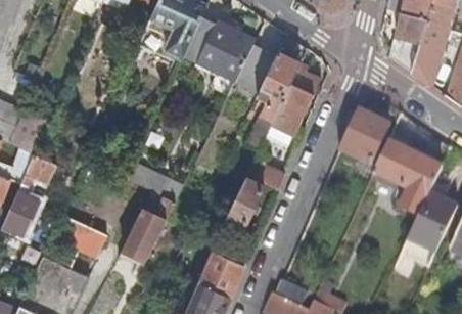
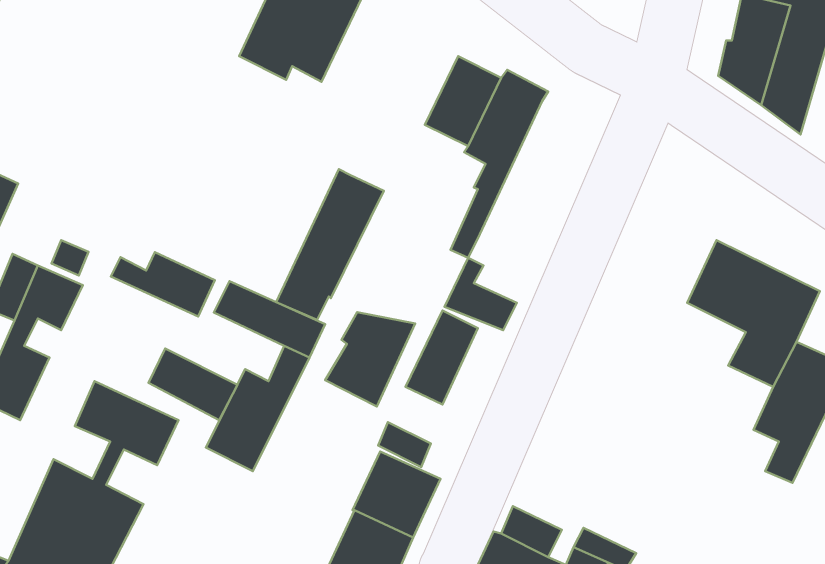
building: [196,20,256,81] -> none
building: [265,69,321,147] -> [276,169,384,320]
building: [339,110,390,166] -> none
building: none -> [111,252,215,317]
building: none -> [325,312,415,407]
building: none -> [148,349,237,420]

